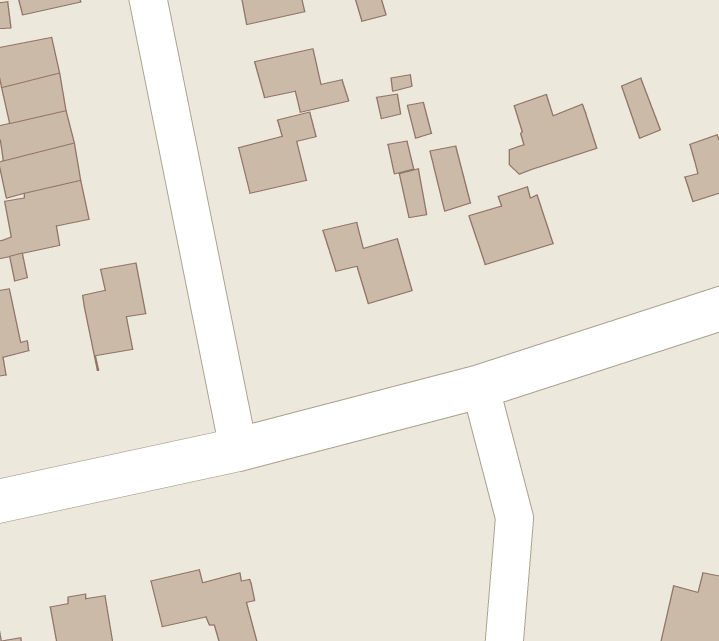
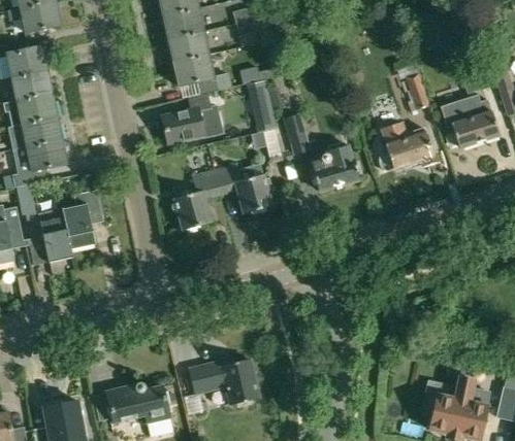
building: none -> [167,29,210,61]
building: [509,95,597,174] -> [379,121,434,171]
building: none -> [173,168,224,230]
building: none -> [25,203,72,262]
building: none -> [188,358,260,405]

